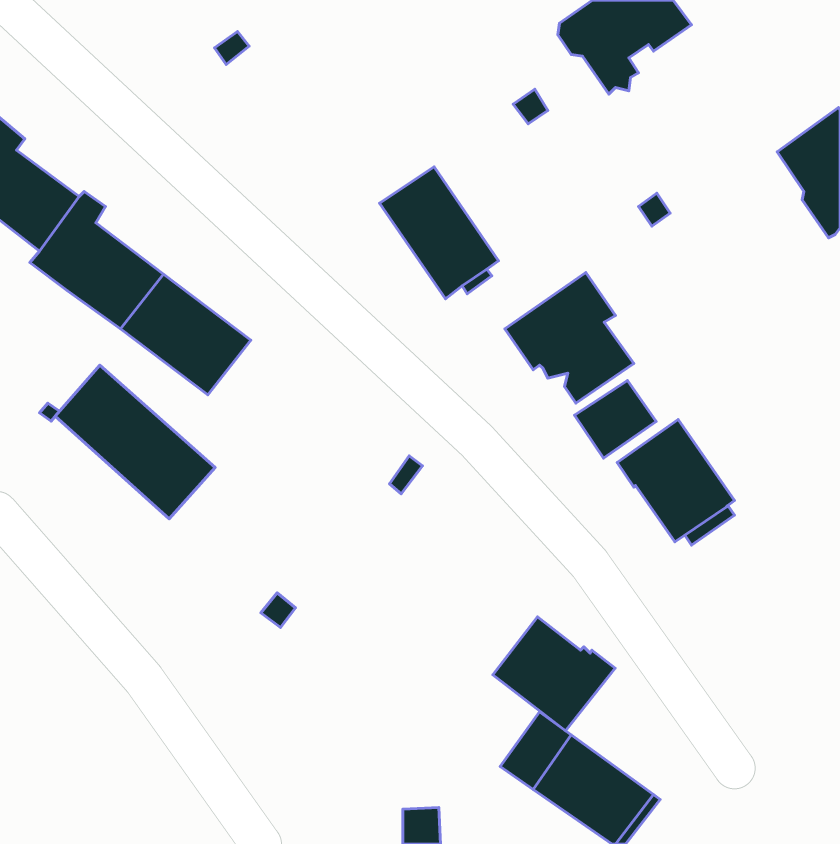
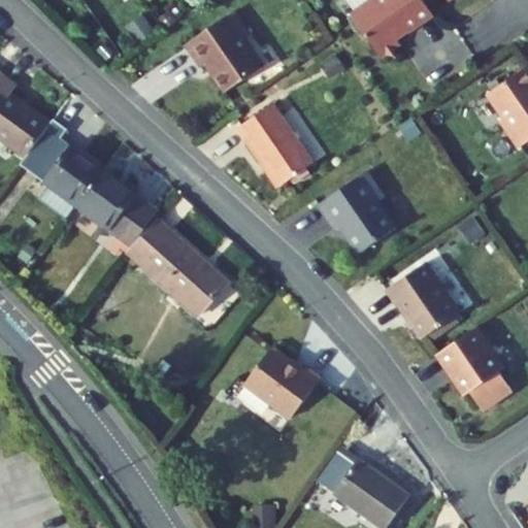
building: none -> [184,9,263,92]
building: [55,365,215,519] -> [127,220,227,316]
building: [575,380,656,458] -> none
building: none -> [435,326,510,409]
building: [493,617,615,731] -> [243,348,320,419]

